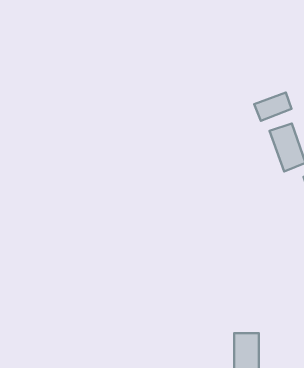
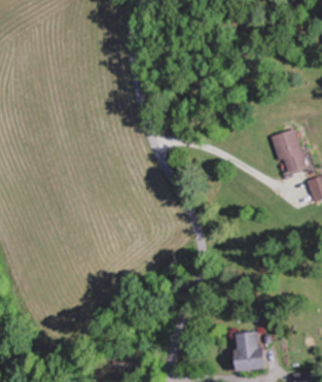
building: [254,93,291,121] -> none

